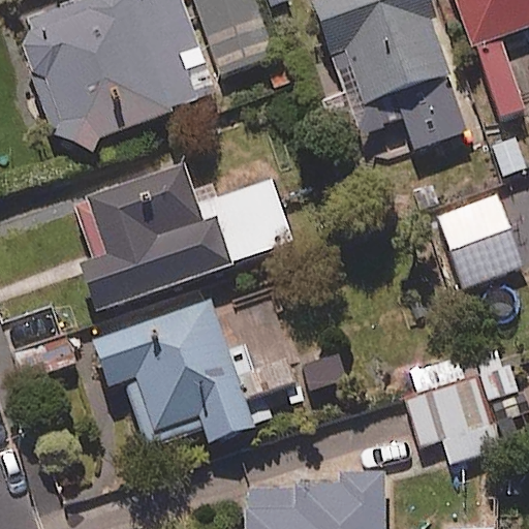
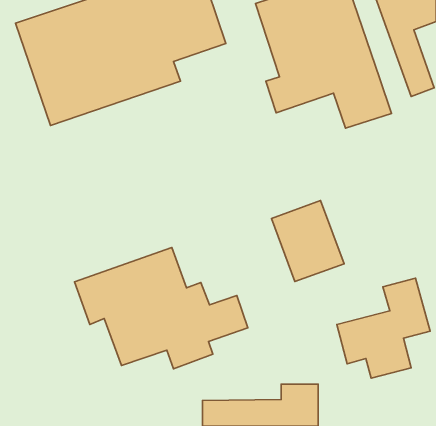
building: [74,165,292,313] -> none
building: [435,185,523,283] -> [272,201,344,282]

